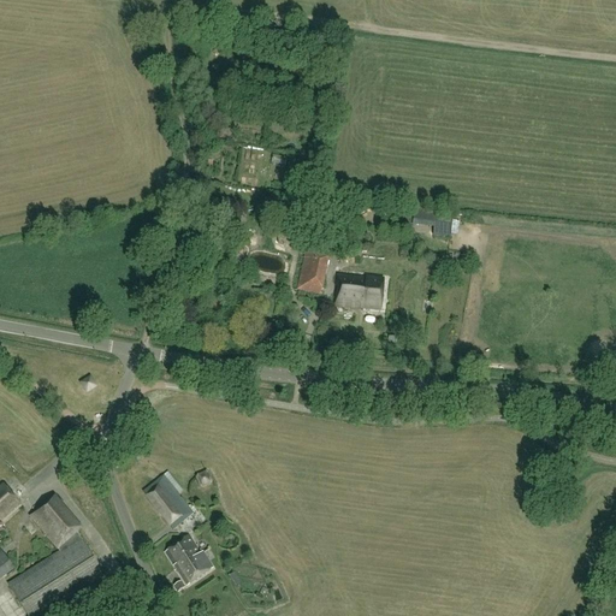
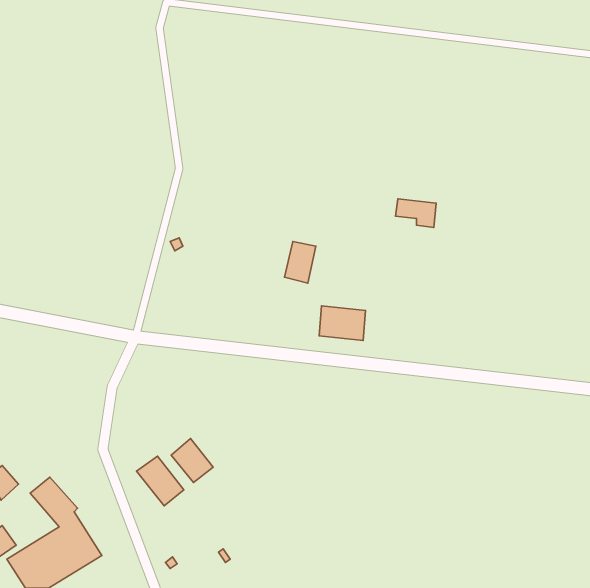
building: [334,273,383,309] -> [319,306,365,340]
building: none -> [171,439,213,482]
building: [164,535,212,584] -> none

